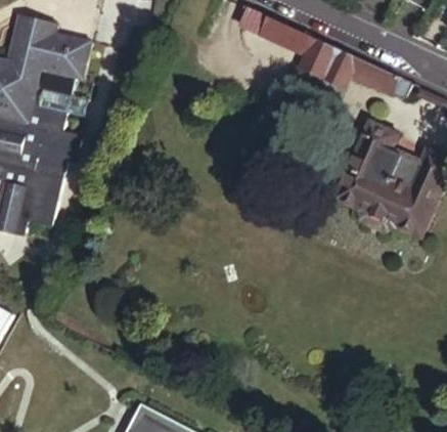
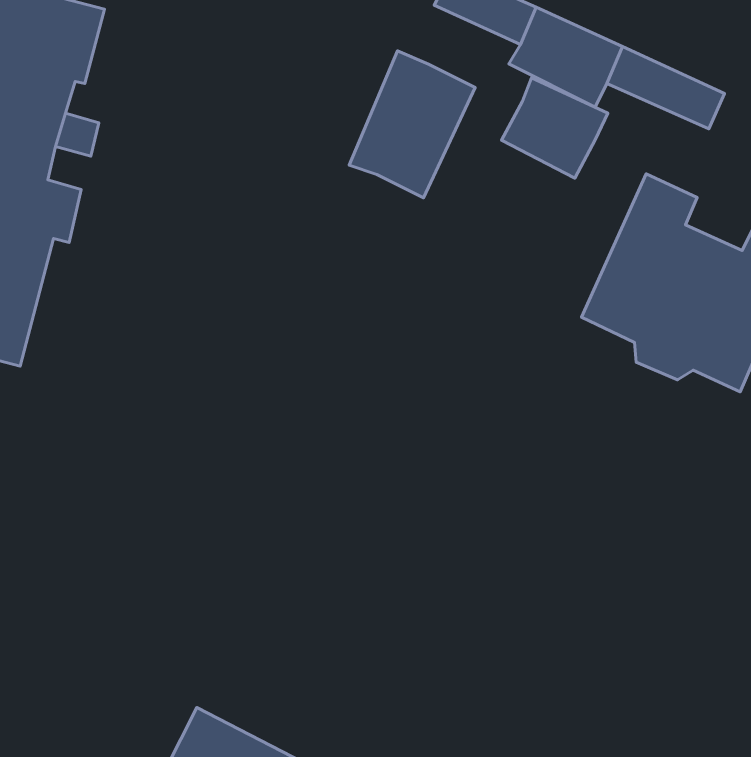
building: none -> [349,51,475,198]
building: none -> [501,78,608,178]

